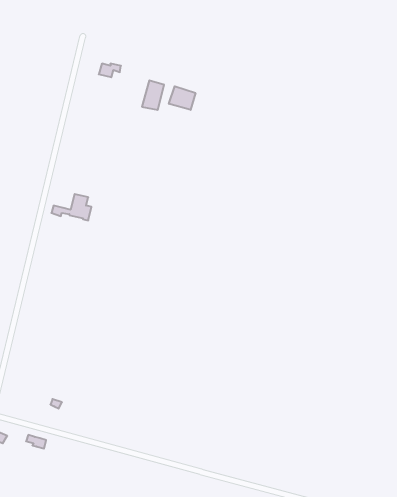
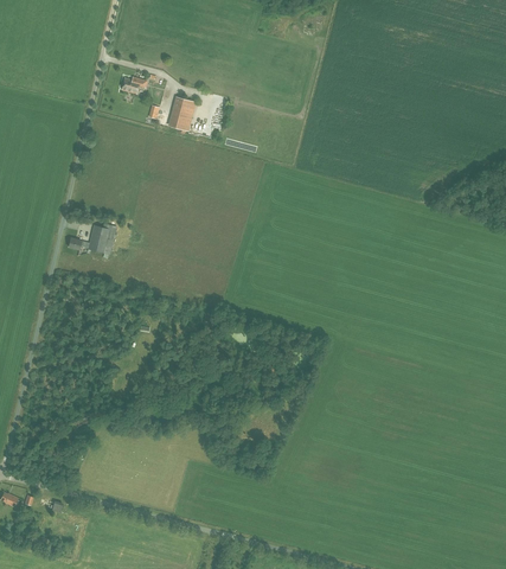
building: [169,86,195,110] -> none

